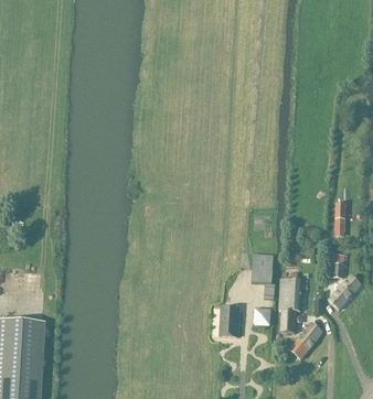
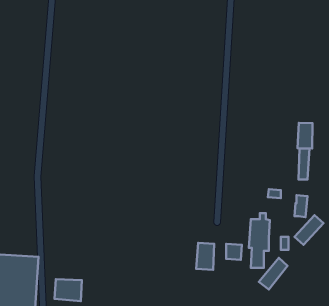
building: none -> [297,123,312,149]
building: [252,252,275,299] -> none
building: none -> [55,279,82,301]

